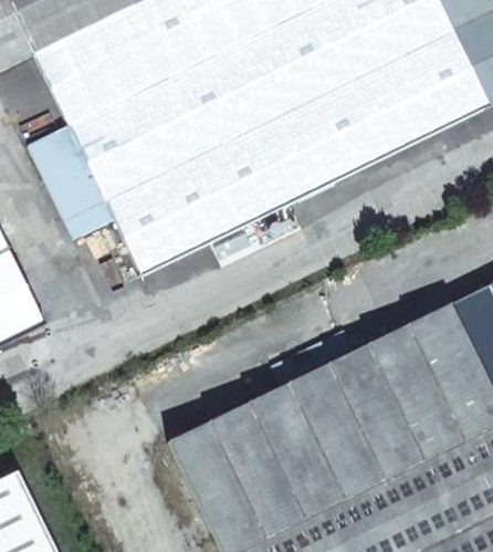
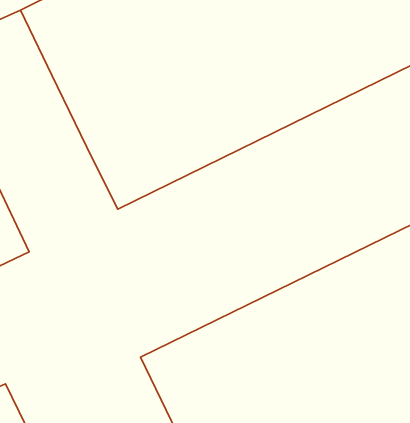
building: [27,125,113,239] -> none

